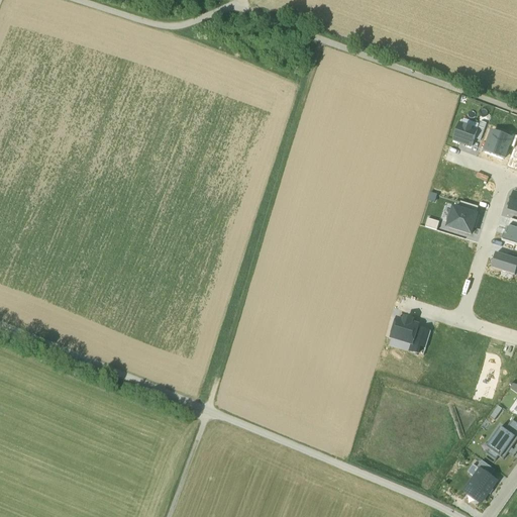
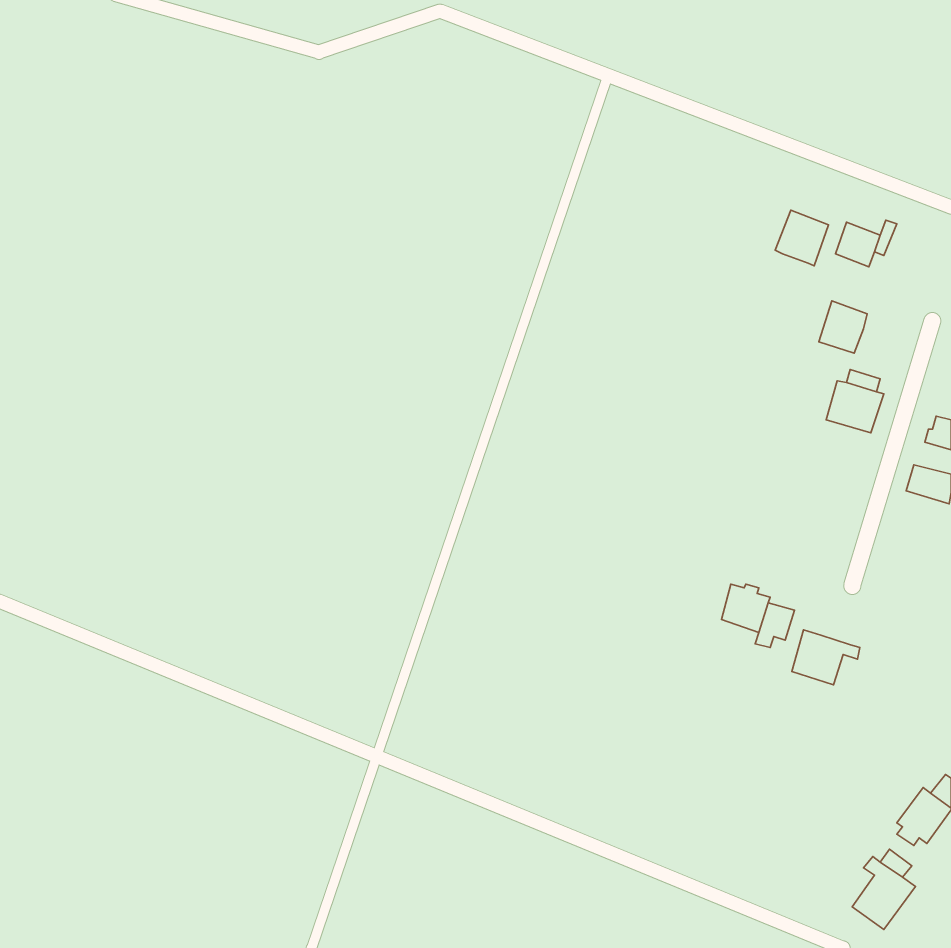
building: none -> [775,210,829,266]
building: [484,129,510,158] -> [819,301,867,353]
building: none -> [792,630,860,685]

